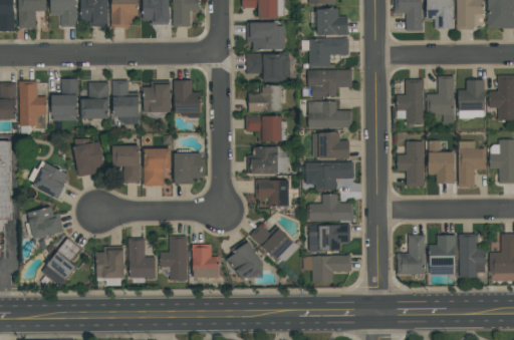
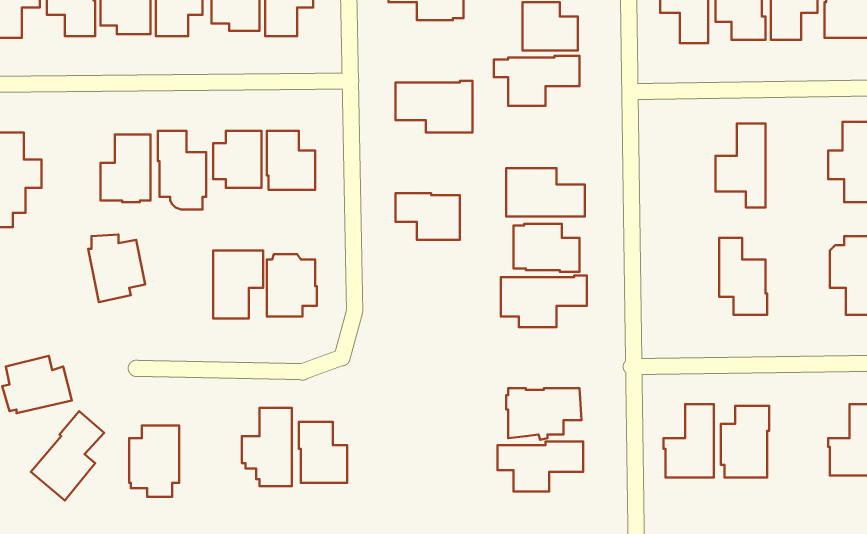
building: [247,22,284,50] -> none
building: [307,69,352,98] -> none
building: [51,78,78,120] -> none
building: [397,79,424,123] -> none
building: [458,80,485,118] -> none
building: [248,84,281,112] -> none
building: [458,140,486,188] -> none
building: [397,141,424,187] -> none
building: [112,145,140,183] -> none
building: [247,146,288,174] -> none
building: [28,160,68,200] -> none
building: [258,180,289,207] -> none
building: [309,194,353,221] -> none
building: [249,224,299,262] -> none
building: [458,234,486,278] -> none
building: [128,238,156,278] -> none
building: [227,242,264,280] -> none

